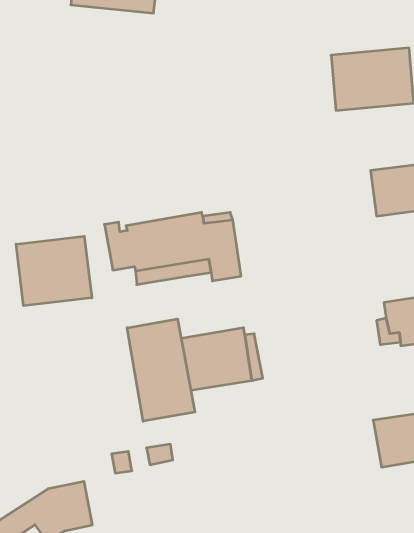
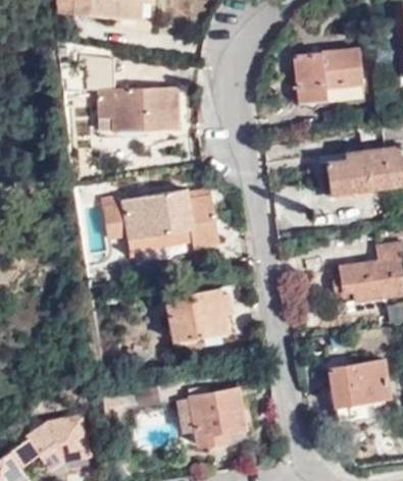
building: none -> [84,54,178,132]
building: [16,236,92,306] -> none
building: [127,319,195,421] -> none
building: none -> [190,387,250,445]

